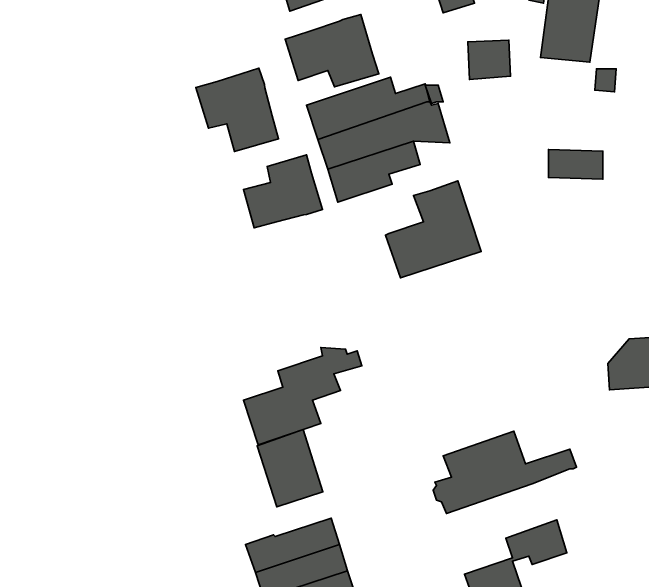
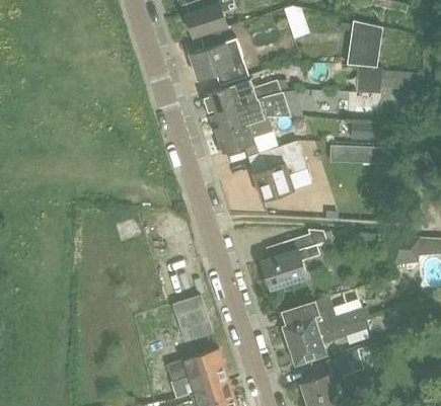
building: [468,40,511,80] -> [351,68,377,92]
building: [196,68,279,152] -> none
building: [244,155,322,228] -> none
building: none -> [343,145,384,162]
building: [243,348,362,445] -> [261,229,334,289]
building: none -> [289,318,370,363]

